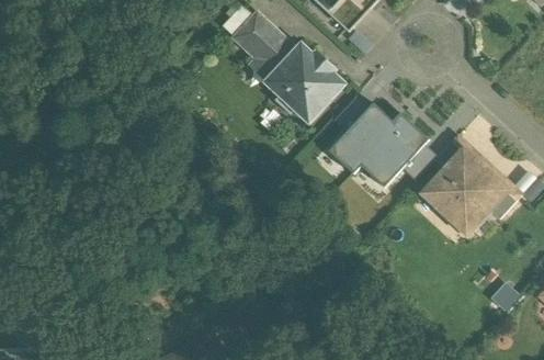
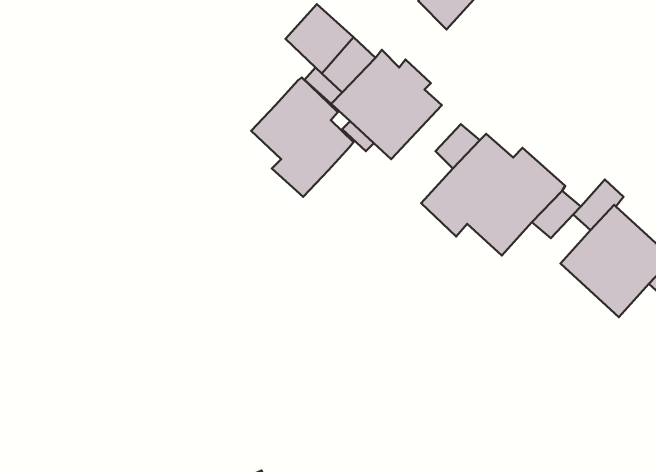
building: none -> [251,77,354,197]

